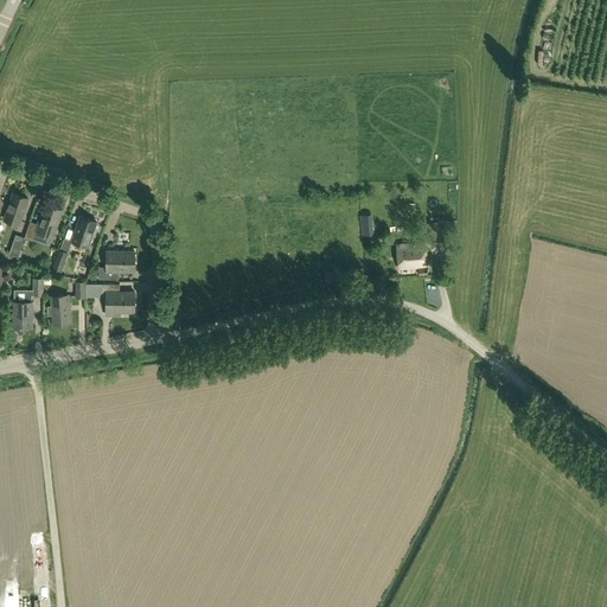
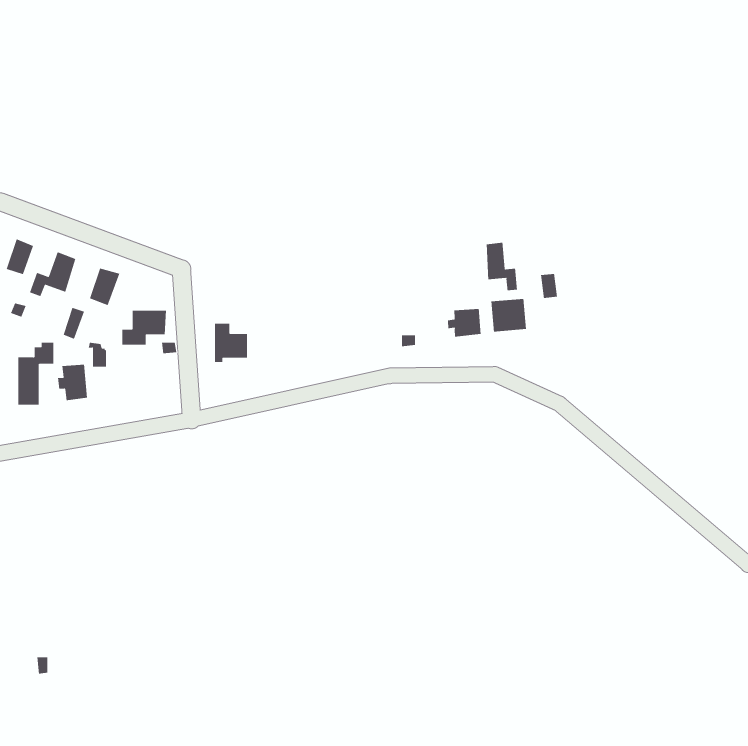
building: none -> [486,242,517,291]
building: none -> [447,308,481,337]
building: [107,285,134,317] -> [214,323,248,363]

